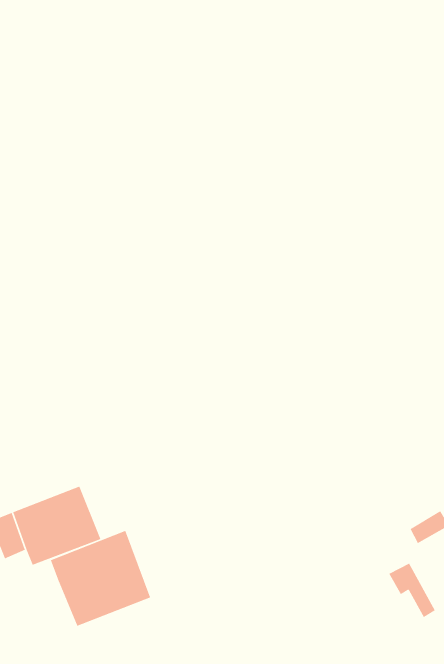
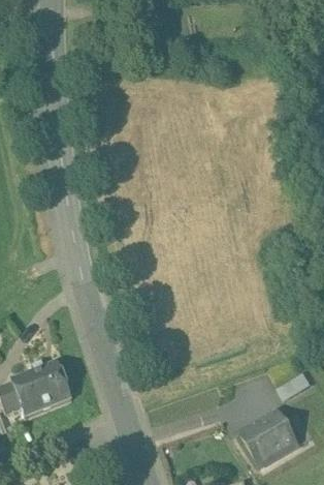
building: [50,530,151,627] -> none
building: none -> [242,420,288,464]

